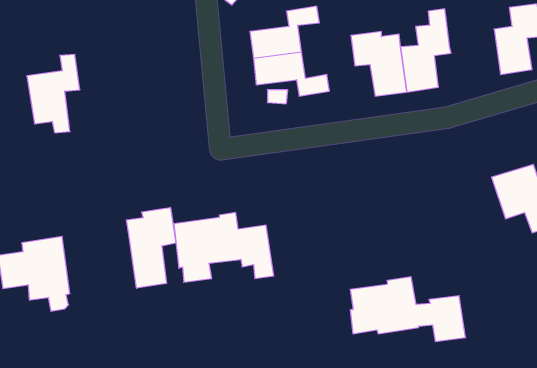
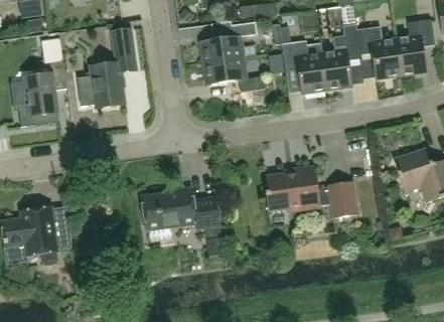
building: none -> [77,26,137,109]
building: none -> [357,26,401,78]
building: [126,207,176,288] -> none
building: [350,277,466,341] -> [266,165,357,216]

